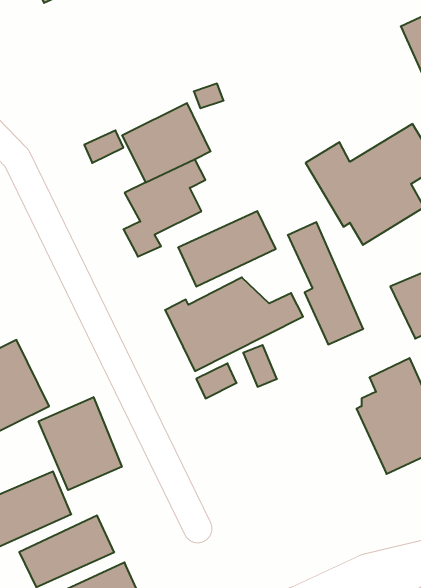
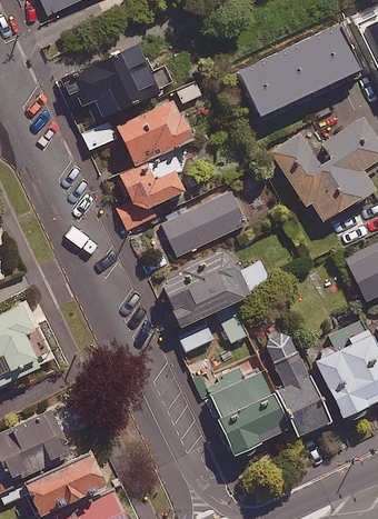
building: none -> [237,24,358,116]
building: none -> [49,43,173,121]
building: [288,222,363,344] -> [263,331,328,436]
building: [39,397,122,490] -> none
building: none -> [201,365,287,453]

